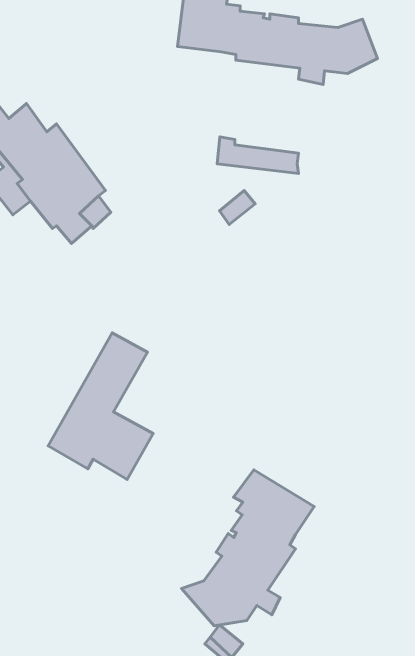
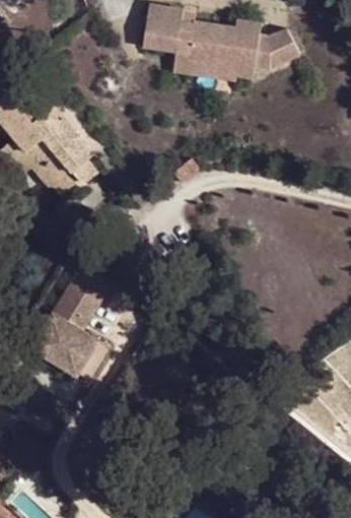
building: [217,137,299,173] -> [171,53,232,80]
building: [182,470,314,626] -> none

